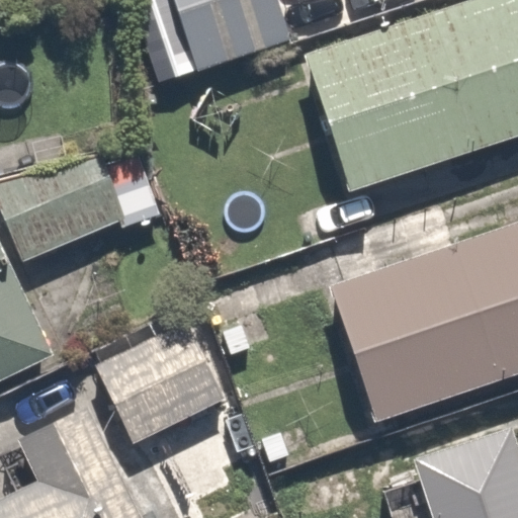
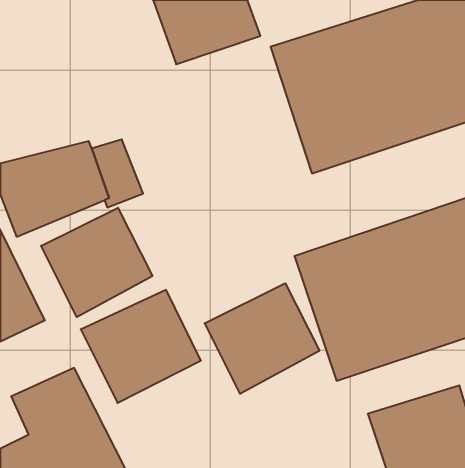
building: none -> [41,208,152,317]
building: none -> [205,283,319,394]

